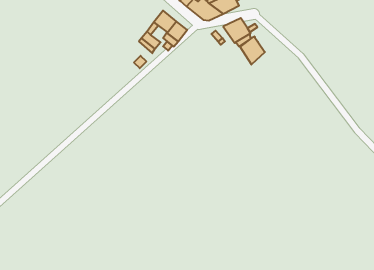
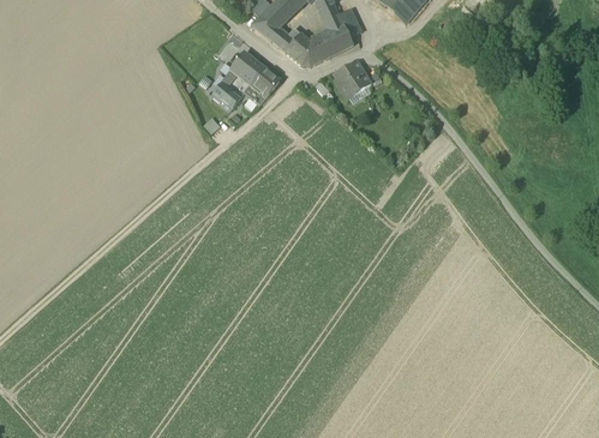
building: [240,36,265,65] -> none

